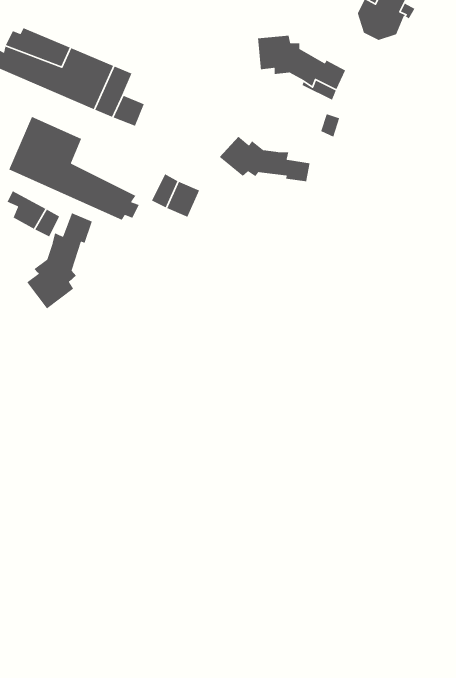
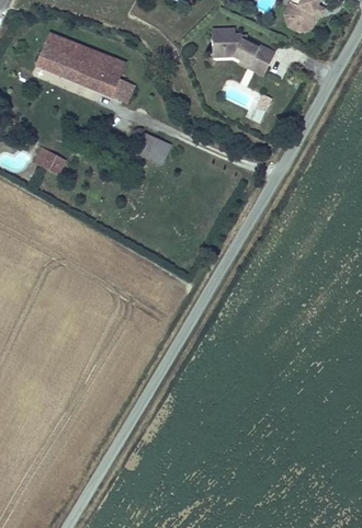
building: [8,116,140,221] -> none
building: [219,136,310,182] -> none
building: [26,212,93,309] -> none

